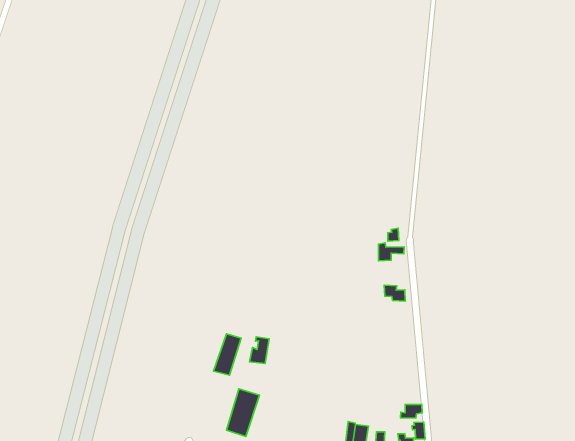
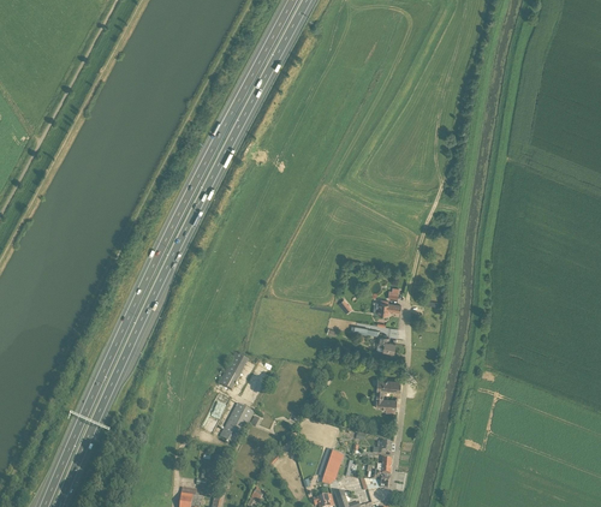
building: none -> [376,378,401,408]

